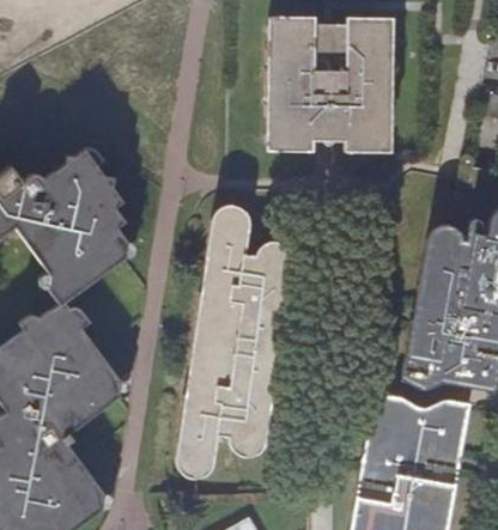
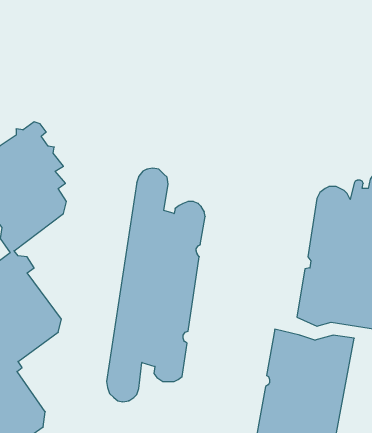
building: [265,16,393,153] -> none

